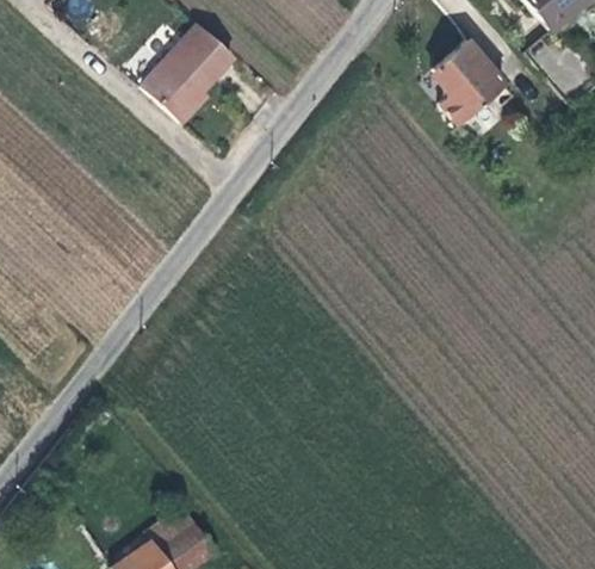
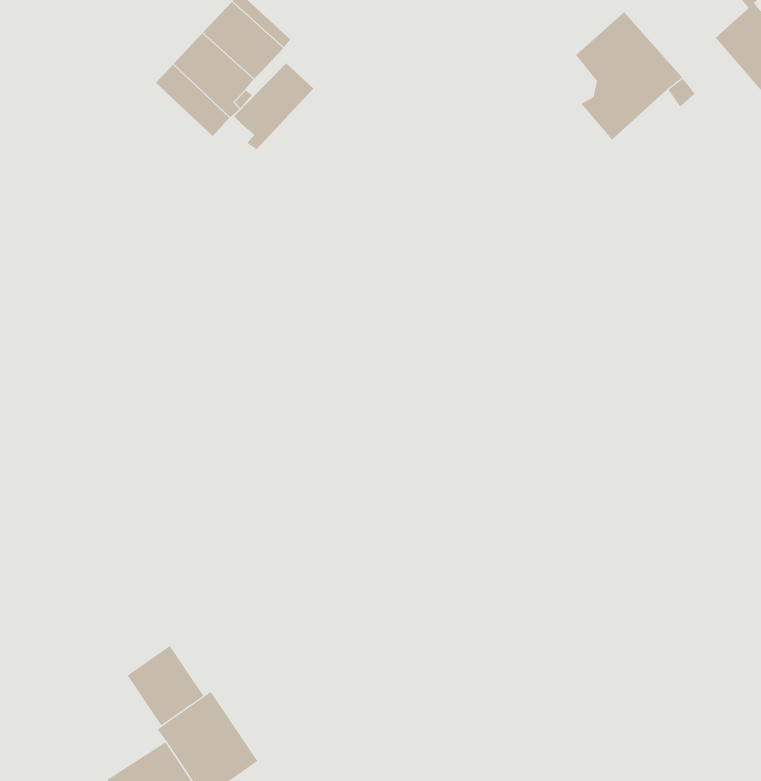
building: none -> [234,62,314,150]
building: none -> [127,645,204,726]

